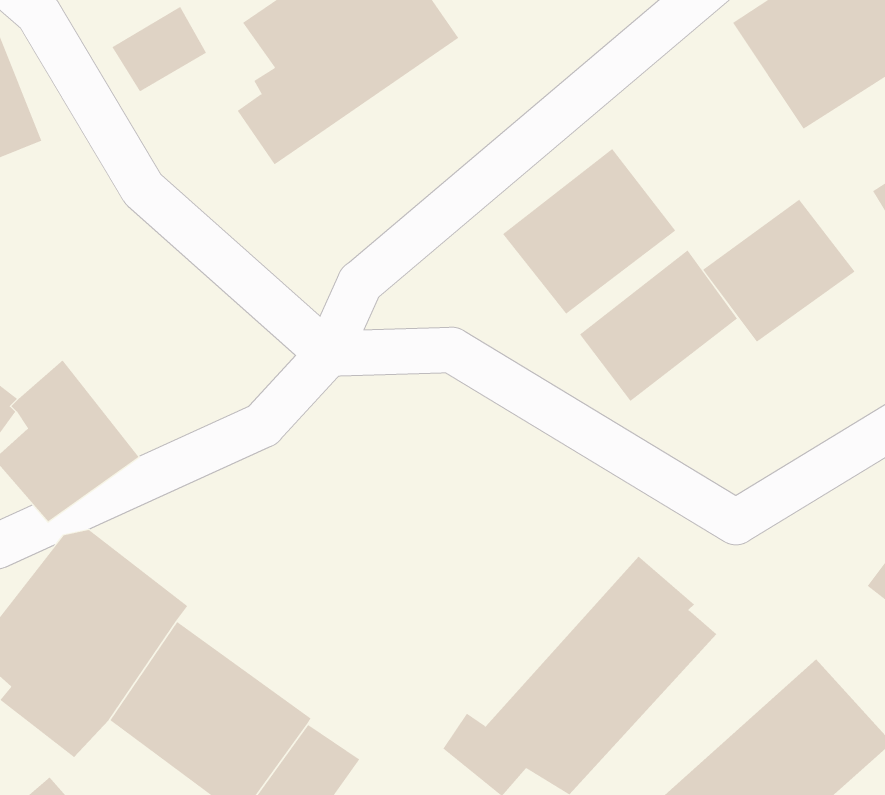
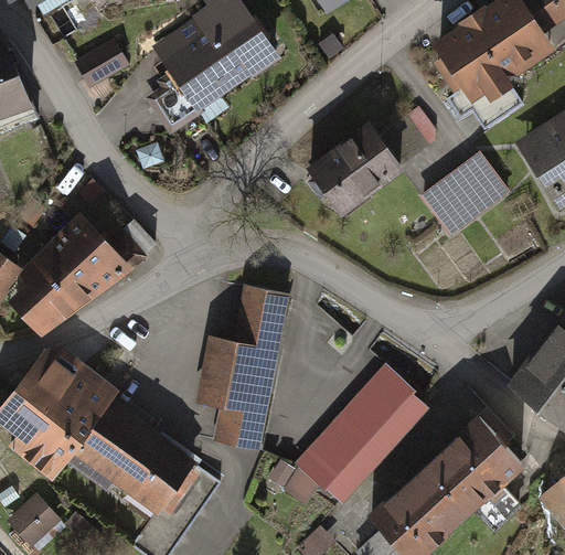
building: [579,249,738,402] -> none
building: none -> [43,213,142,301]
building: none -> [199,280,292,444]

